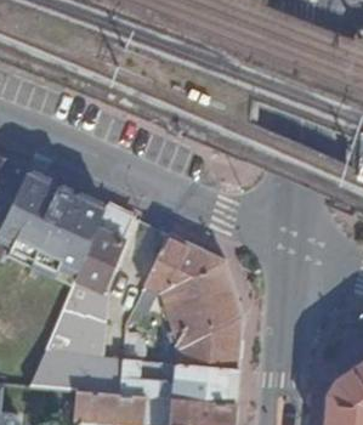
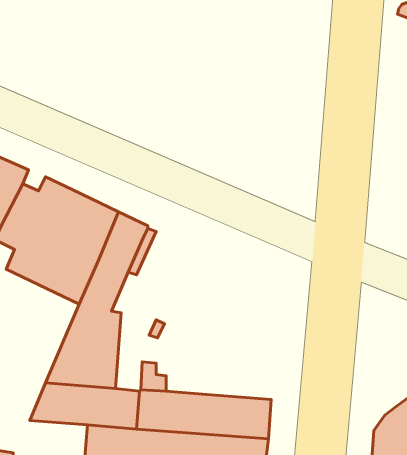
building: [146,234,244,368] -> none

